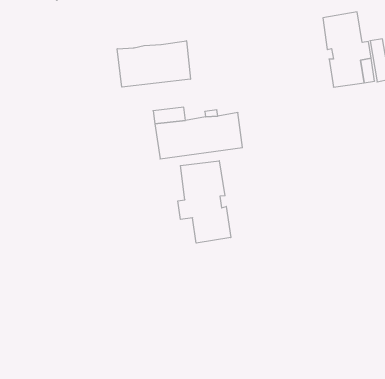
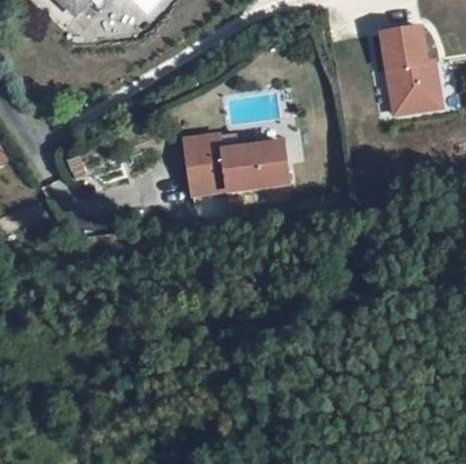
building: [117,41,190,87] -> none
building: [178,161,231,243] -> none

